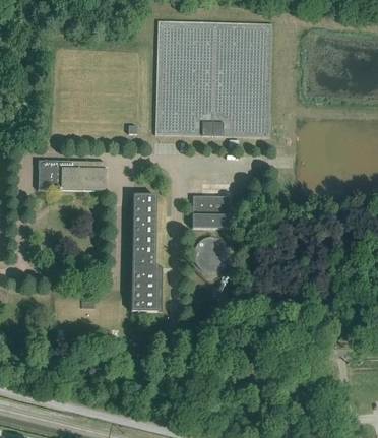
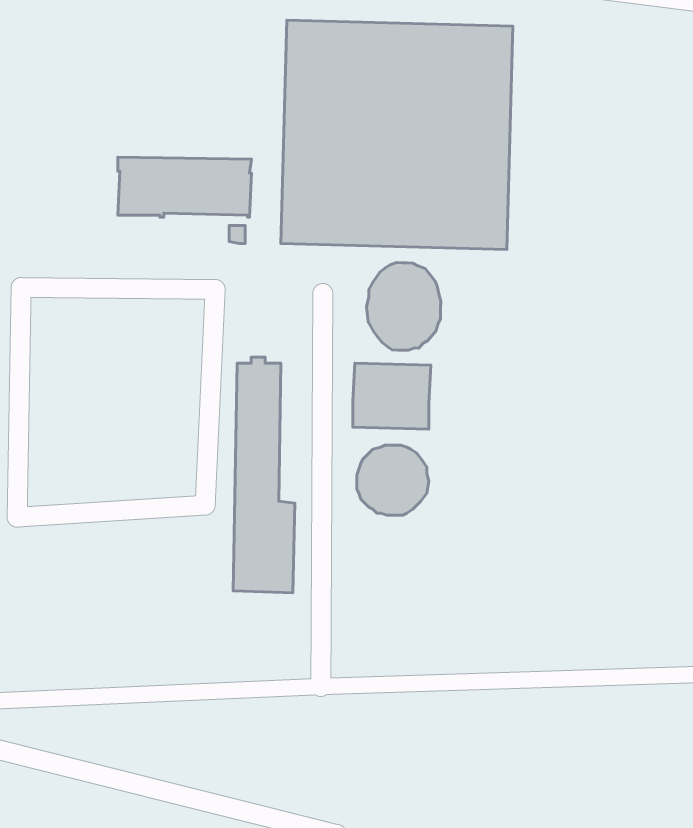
building: none -> [366,263,441,350]
building: [38,161,106,191] -> [118,157,252,217]

